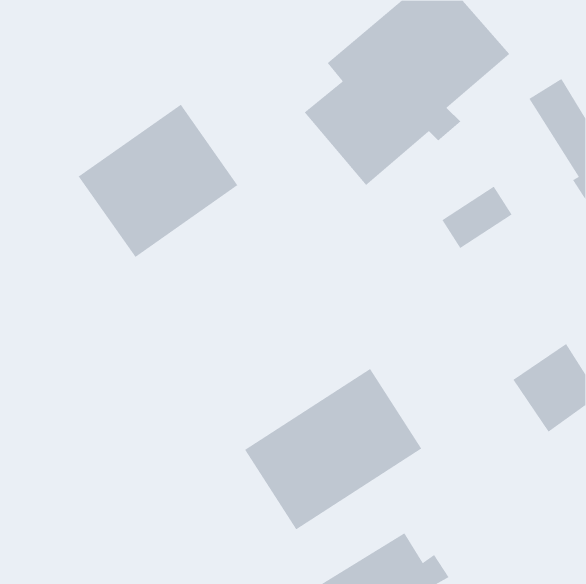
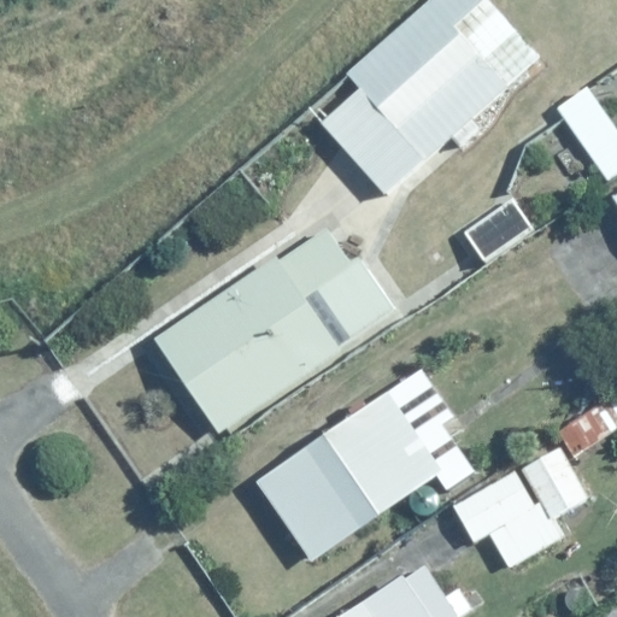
building: [78,104,238,258] -> none
building: none -> [153,221,399,433]
building: none -> [451,443,592,569]

